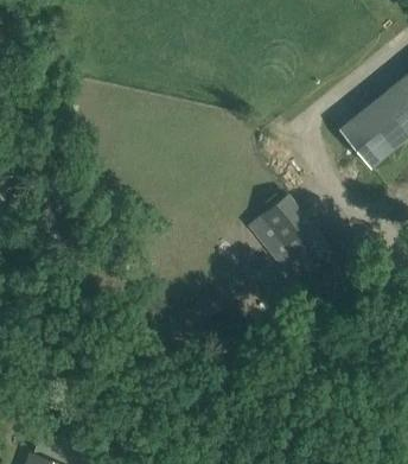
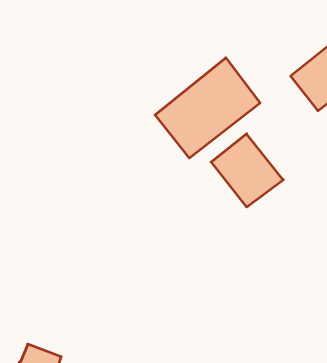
building: none -> [155,58,260,158]

